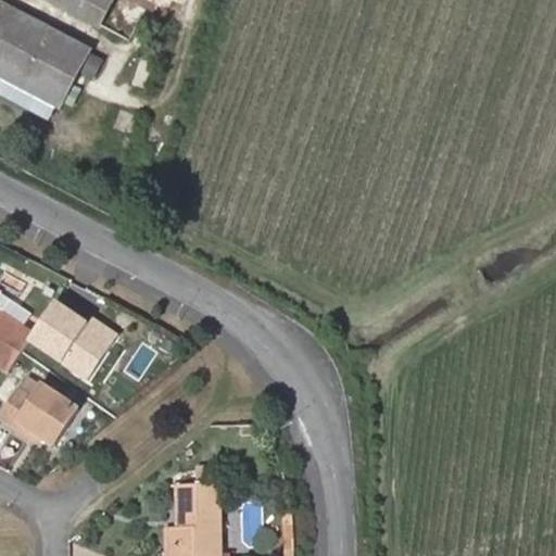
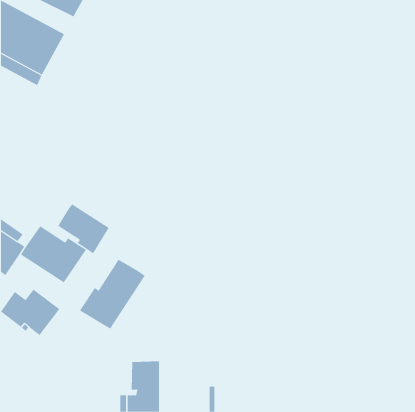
building: none -> [58,203,109,254]
building: none -> [79,259,145,330]

